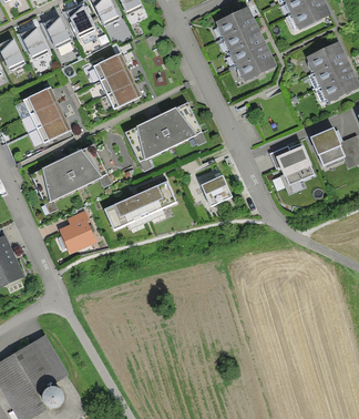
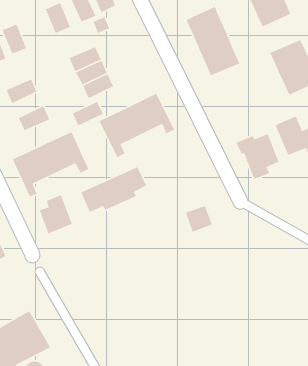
building: [42,16,70,49] -> none
building: [30,100,64,127] -> [72,101,104,127]
building: [201,175,230,205] -> [185,205,213,233]

